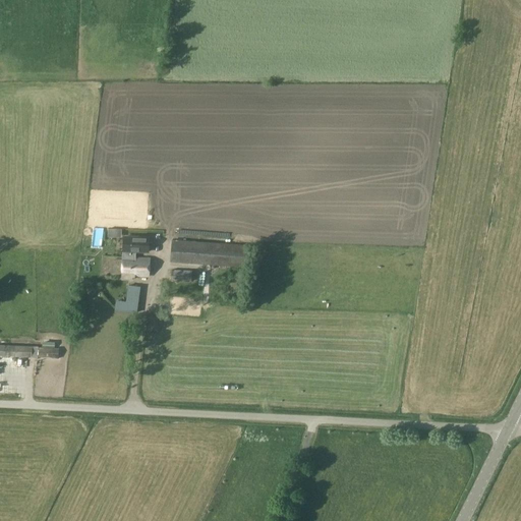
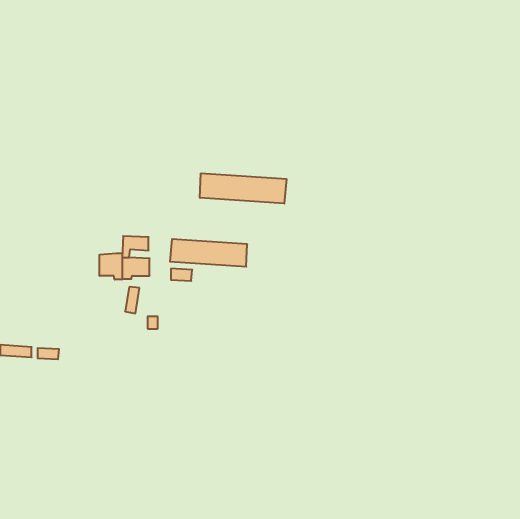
building: none -> [200,173,286,204]
building: none -> [100,253,122,280]

